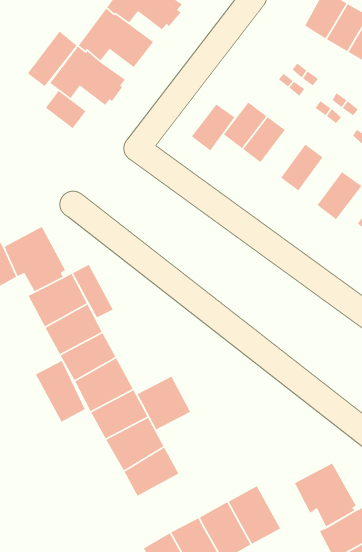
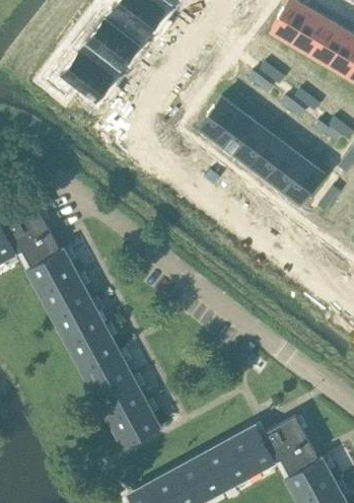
building: [27,31,78,87] -> none
building: [45,90,87,129] -> none
building: [191,103,236,151] -> [233,124,273,166]
building: none -> [267,148,305,191]
building: [72,264,114,319] -> none
building: [35,360,86,423] -> none
building: [137,376,191,430] -> none
building: none -> [230,425,277,478]

